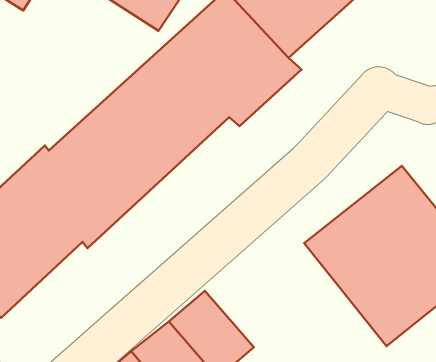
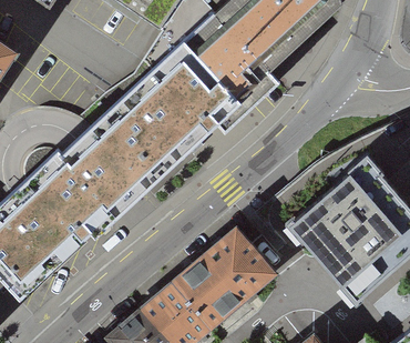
building: none -> [202,229,275,304]

